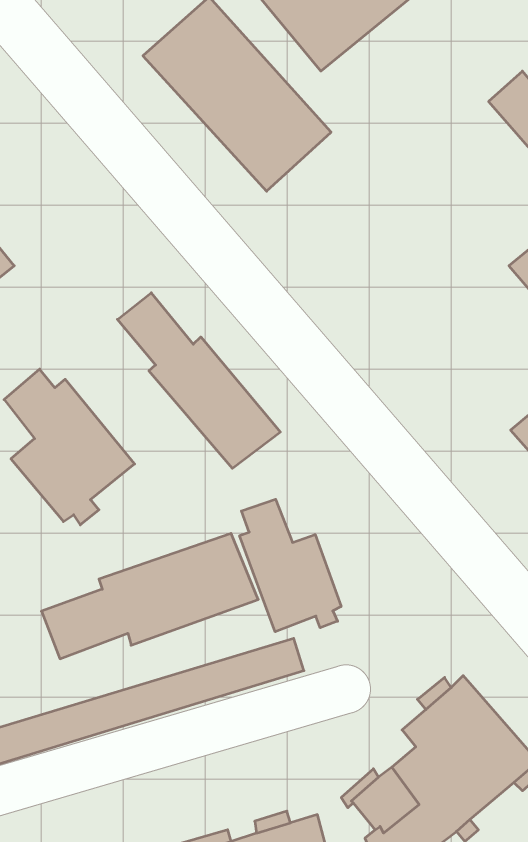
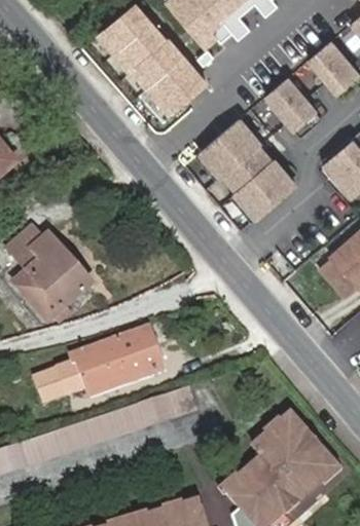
building: none -> [262,82,318,141]
building: none -> [196,122,292,221]
building: [117,293,280,468] -> none
building: [240,499,341,632] -> none

